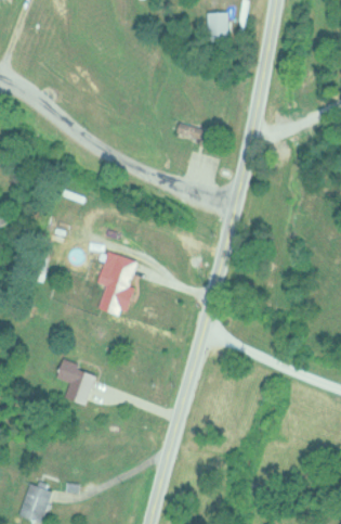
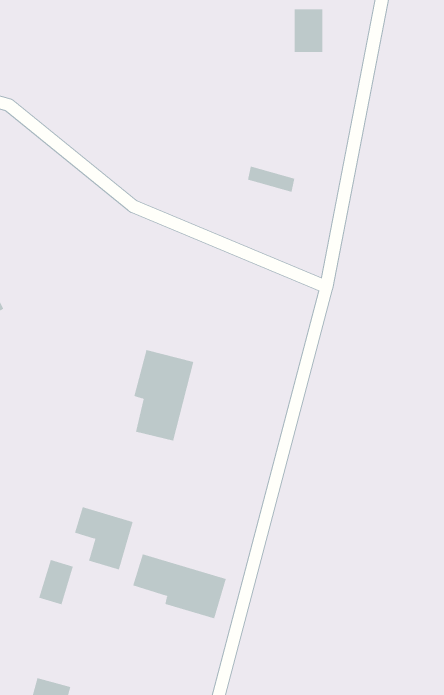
building: none -> [132,553,227,619]
building: none -> [39,559,73,605]

